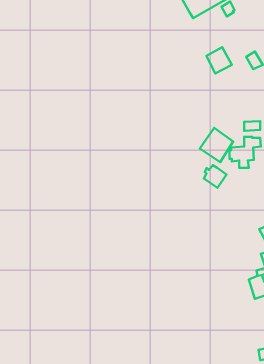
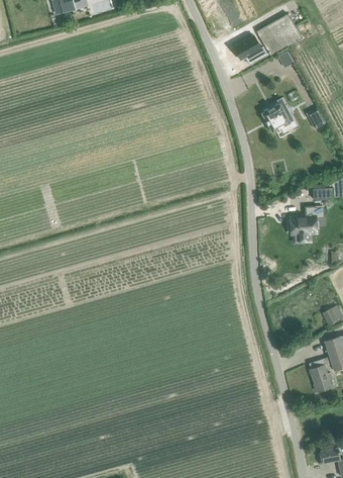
building: [200,128,233,162] -> none
building: [204,165,226,188] -> none

